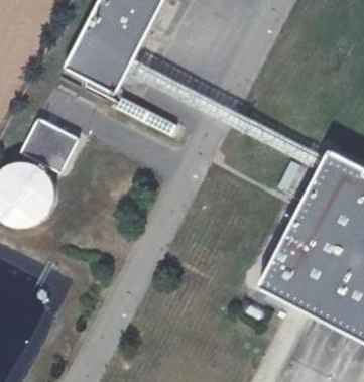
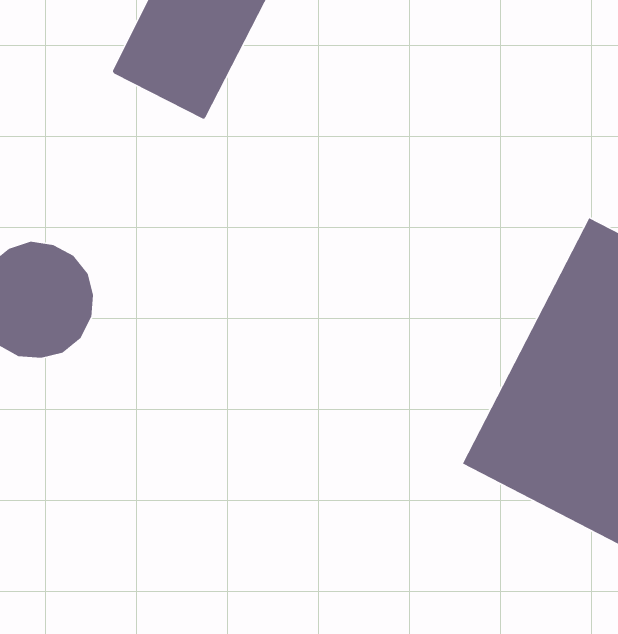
building: [21,120,80,174] -> none

